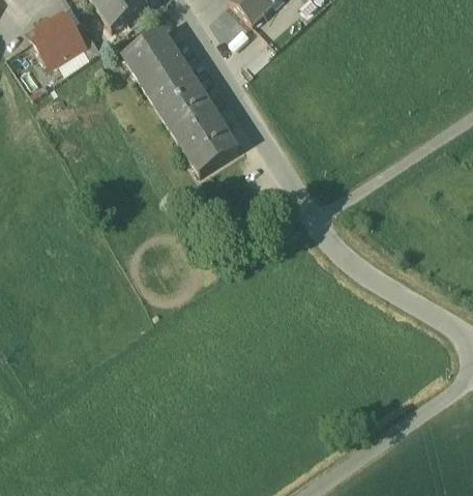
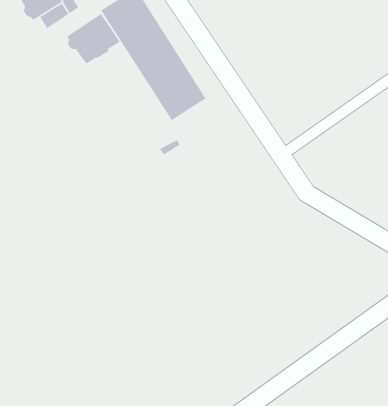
building: none -> [66,13,121,64]

